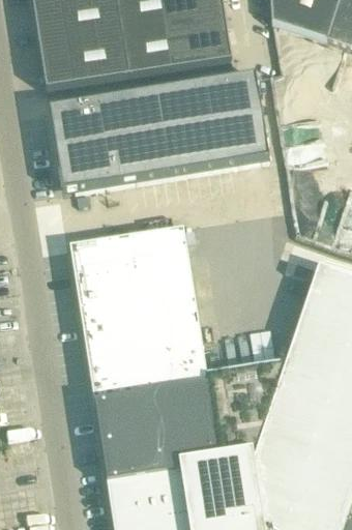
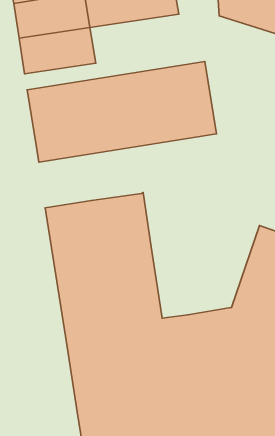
building: [121,21,231,78] -> none

